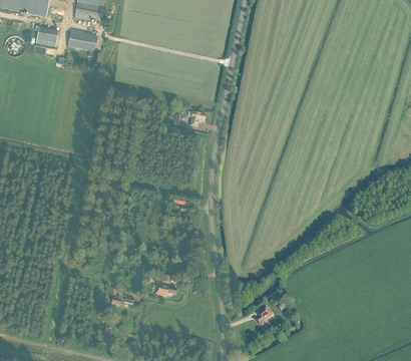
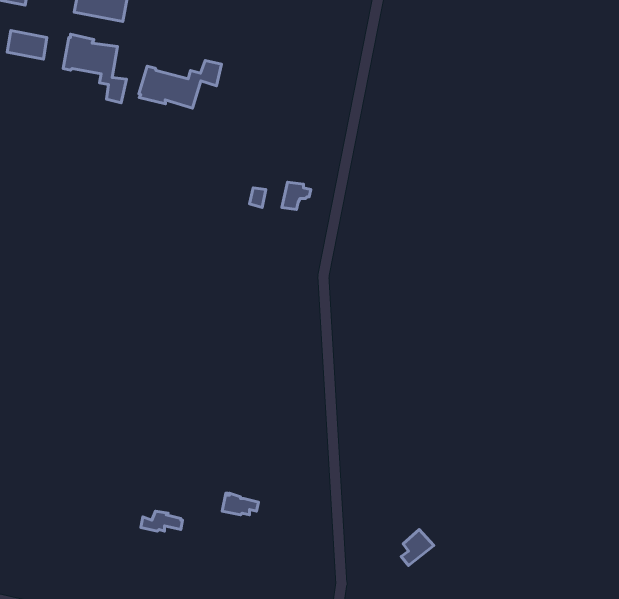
building: none -> [139,61,221,108]

